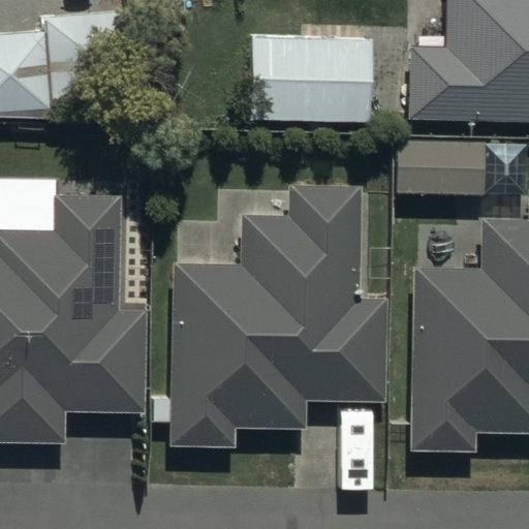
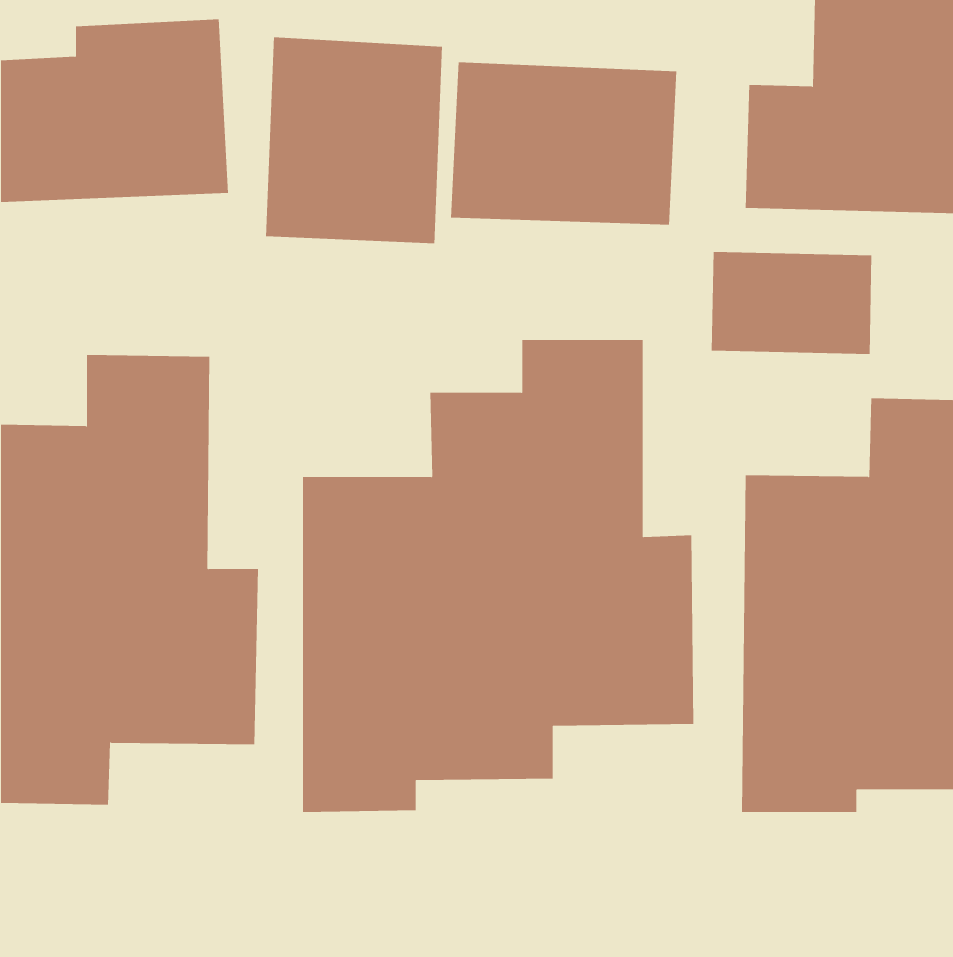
building: none -> [265,37,443,244]

